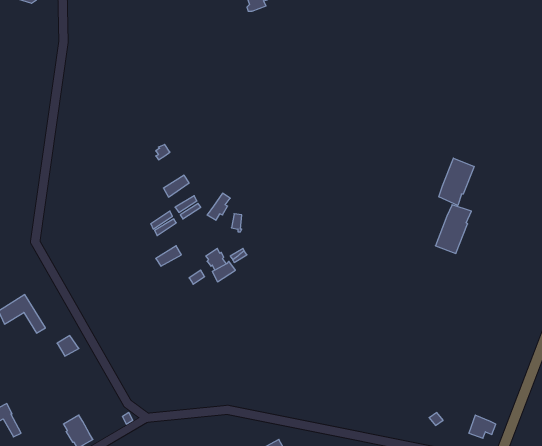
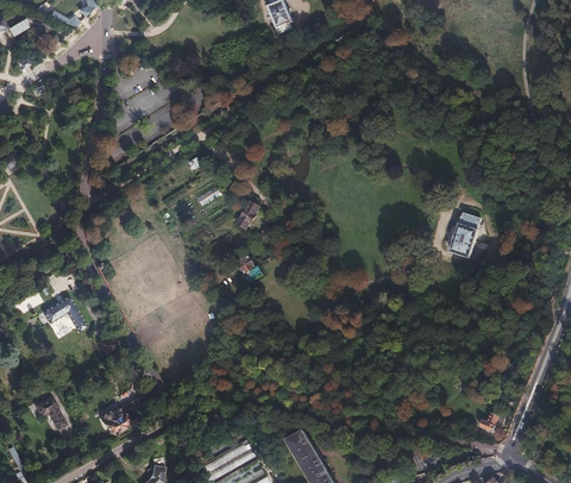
building: [439,158,474,205] -> none

